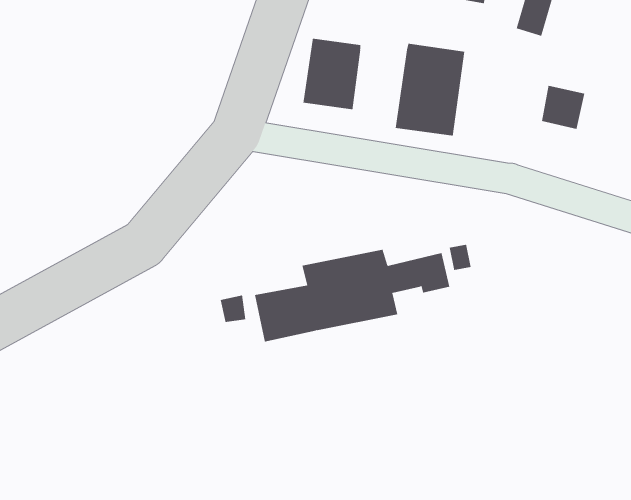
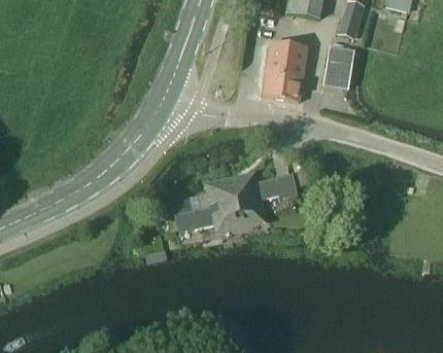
building: [303,38,361,110] -> none
building: [541,85,585,129] -> [325,59,352,86]

